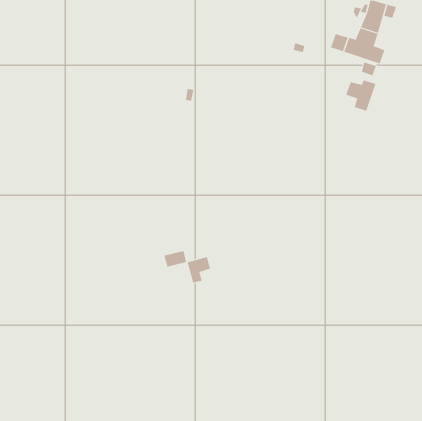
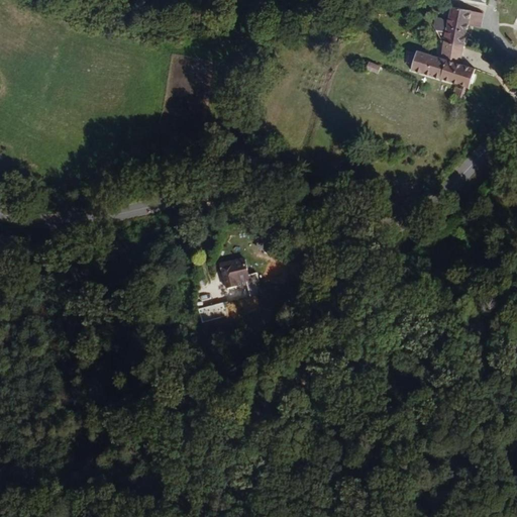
building: [346,79,376,112] -> none
building: [187,256,211,283] -> [224,265,253,297]

